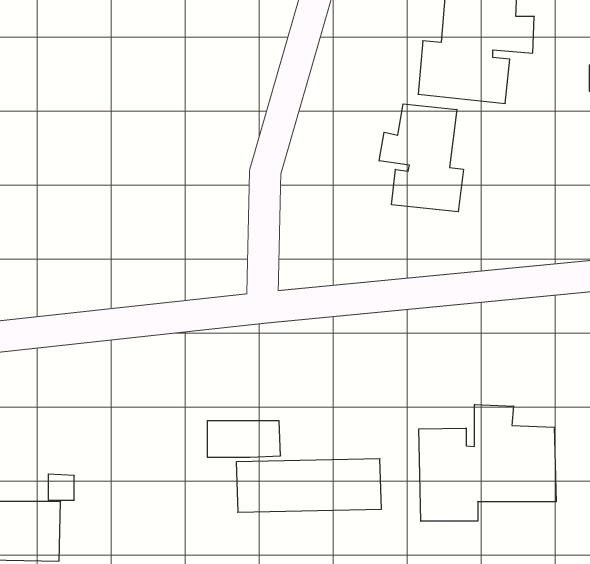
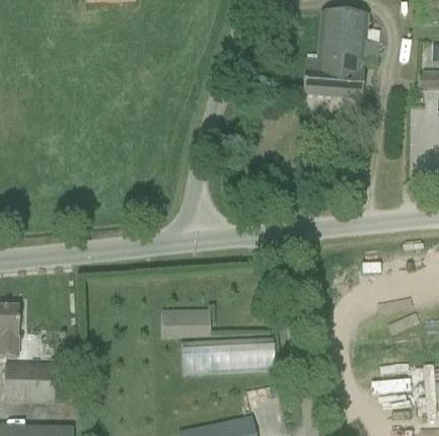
building: [379,104,463,212] -> none
building: [419,404,556,521] -> none

